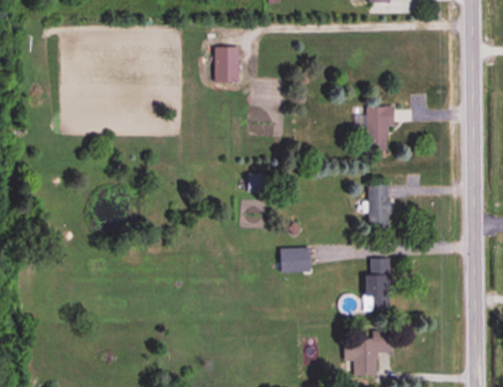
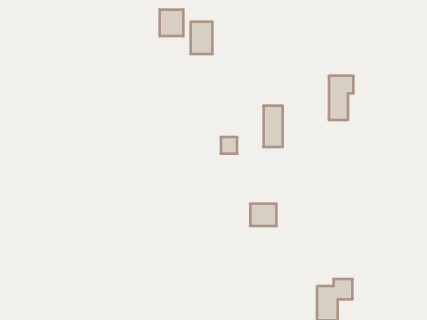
building: none -> [160,9,183,36]
building: [368,183,389,228] -> [263,106,283,147]
building: [363,257,390,311] -> none

